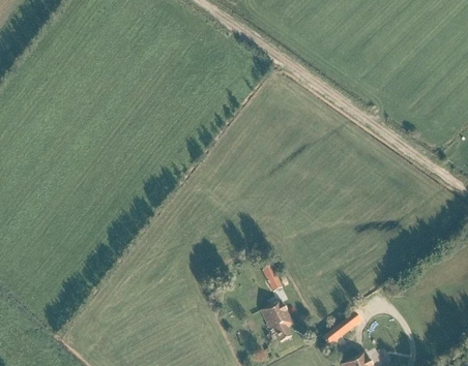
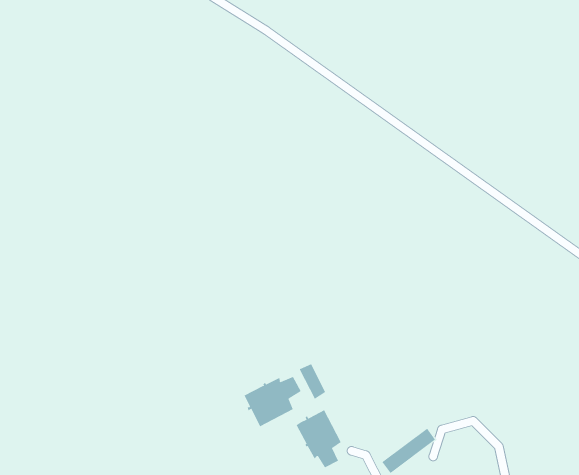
building: none -> [244,376,302,427]

